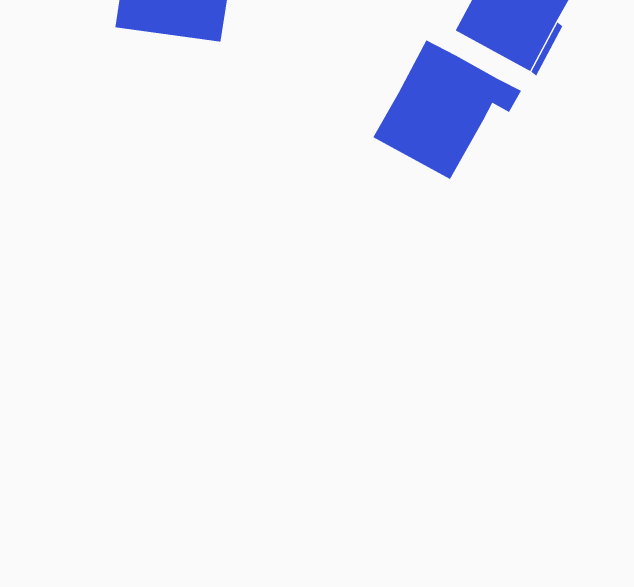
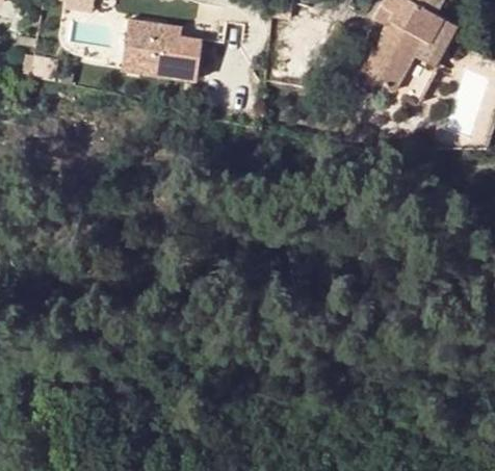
building: [373,39,522,180] -> none

